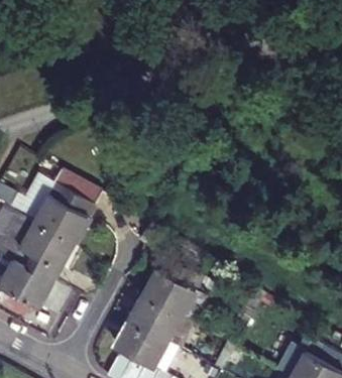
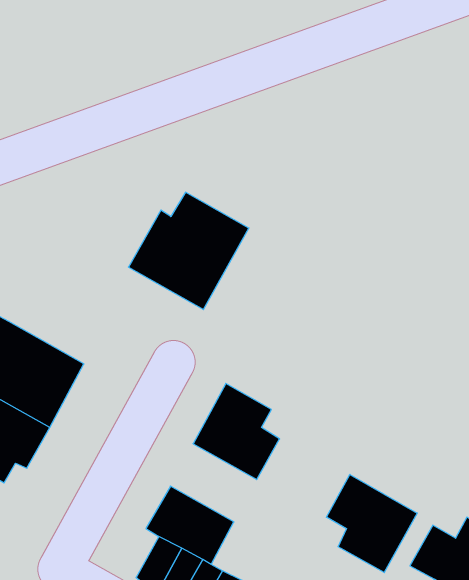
building: [29,170,104,243] -> [128,192,249,310]
building: [129,292,183,341] -> none
building: none -> [326,474,417,573]

